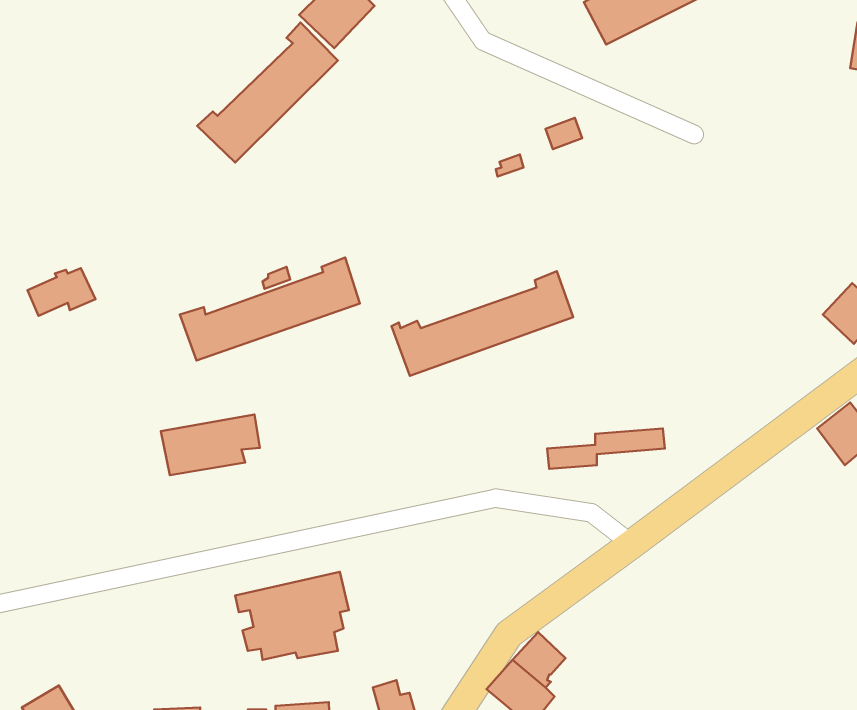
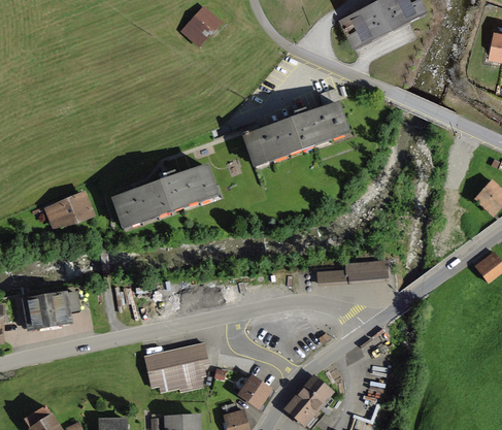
building: [197,22,338,163] -> none
building: [27,268,95,316] -> [52,196,90,223]
building: [391,271,573,376] -> [243,103,345,162]
building: [161,415,260,475] -> [23,293,78,327]
building: none -> [237,377,268,405]

